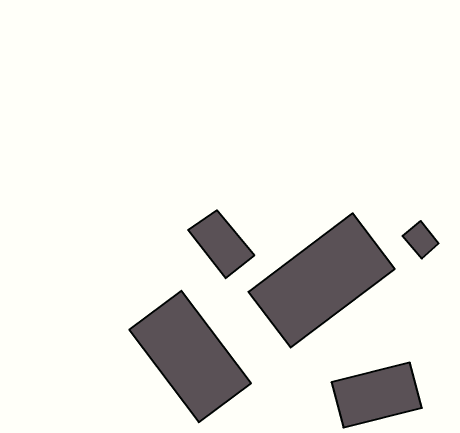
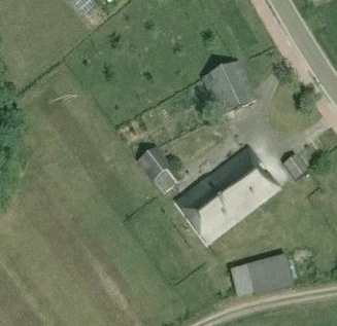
building: none -> [204,62,256,114]
building: [129,291,251,422] -> none

